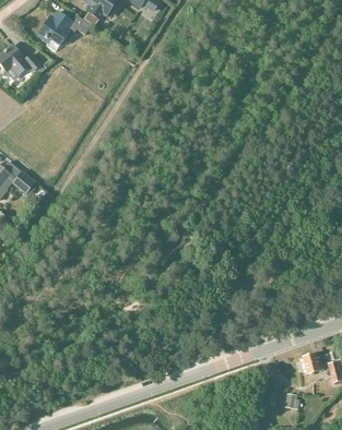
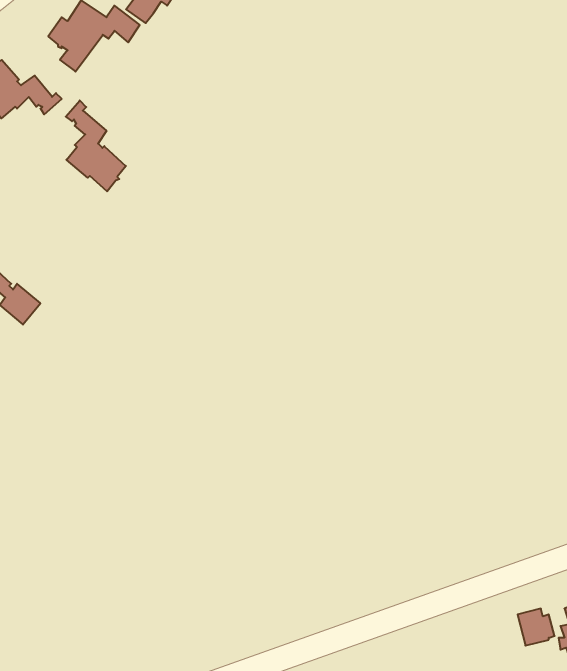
building: none -> [66,100,126,191]

